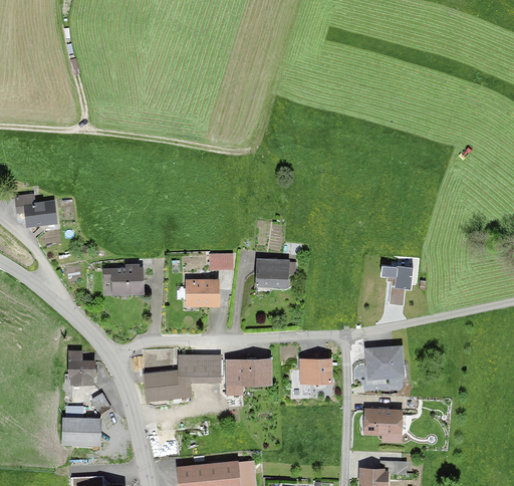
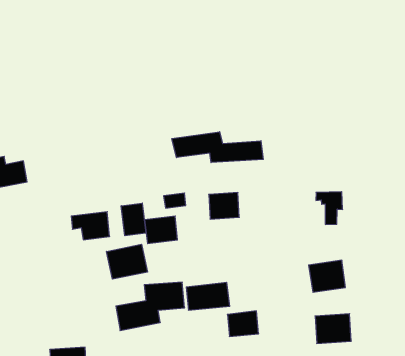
building: none -> [172,132,263,163]
building: none -> [121,203,146,236]
building: none -> [107,244,147,279]
building: [67,351,92,384] -> none
building: [302,356,335,383] -> [227,311,259,336]

